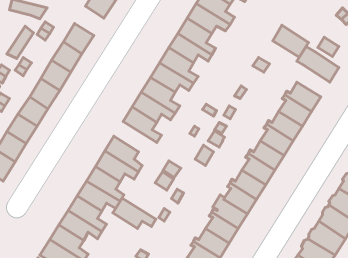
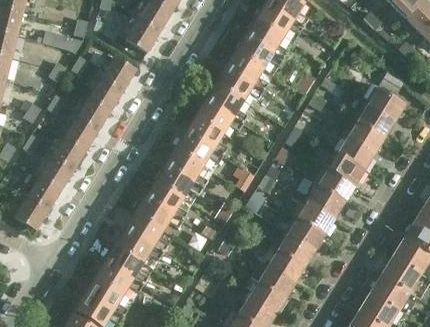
building: [273,25,308,57] -> [353,103,392,138]
building: [113,198,156,228] -> [156,165,203,198]

